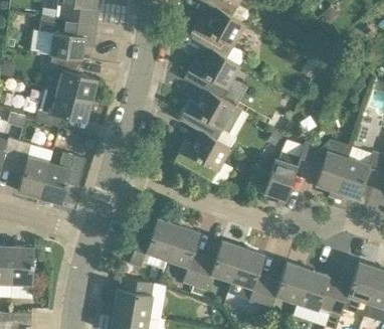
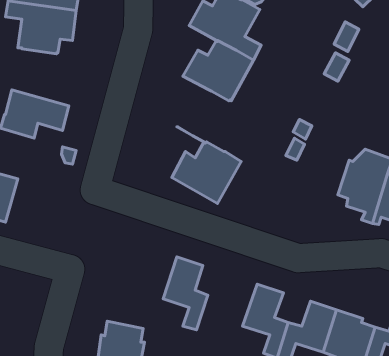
building: [44,56,97,103] -> none
building: [179,90,241,140] -> none
building: [263,143,318,206] -> none
building: [39,153,85,203] -> none
building: [129,218,178,267] -> none
building: [194,240,243,289] -> none

